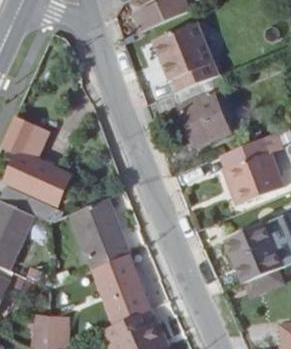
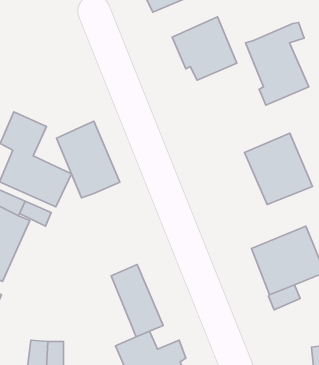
building: [174,75,230,148] -> [245,22,309,105]
building: [72,200,128,268] -> [57,121,120,198]

